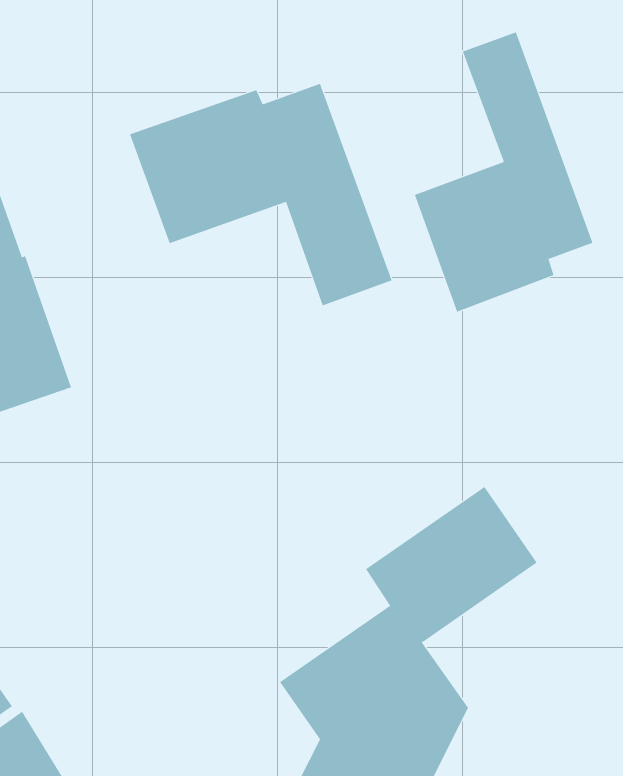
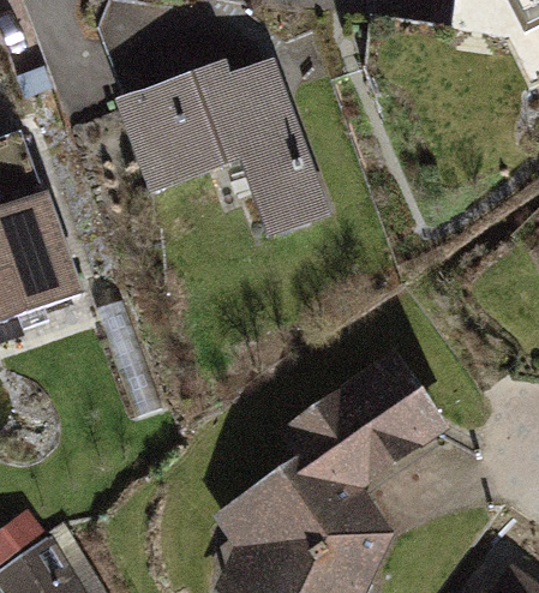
building: [414,32,593,312] -> none

